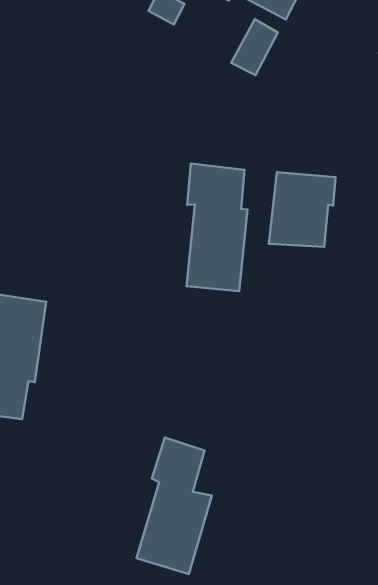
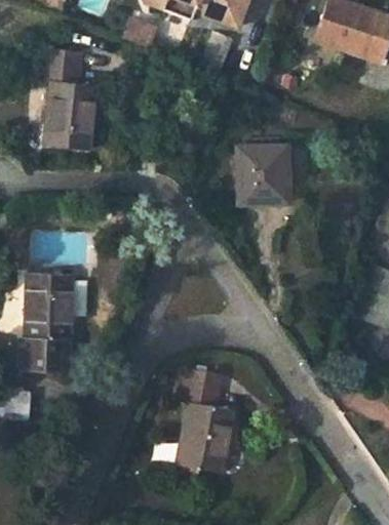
building: none -> [44,47,99,152]
building: [187,163,247,291] -> none

